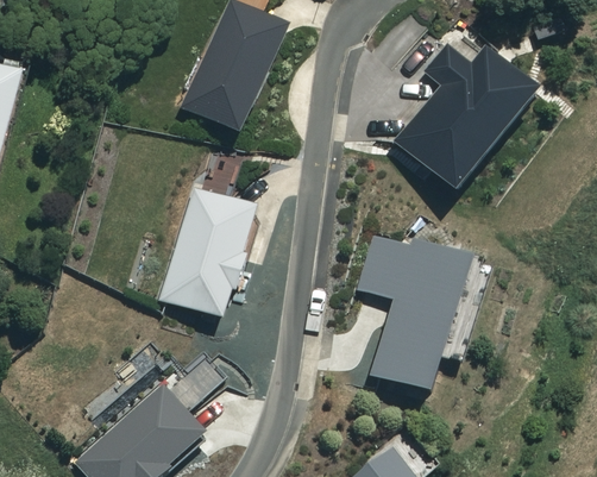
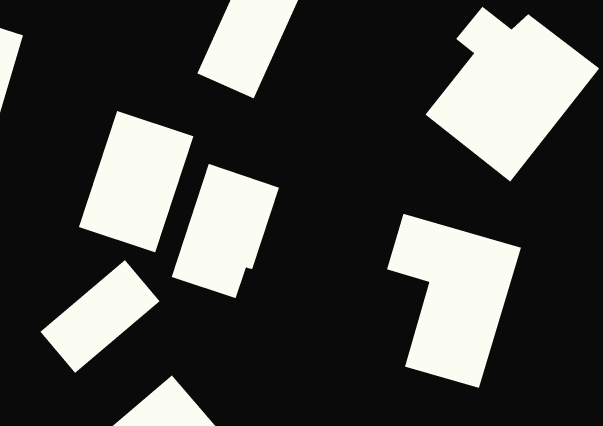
building: none -> [78,110,194,253]
building: none -> [40,259,160,374]

